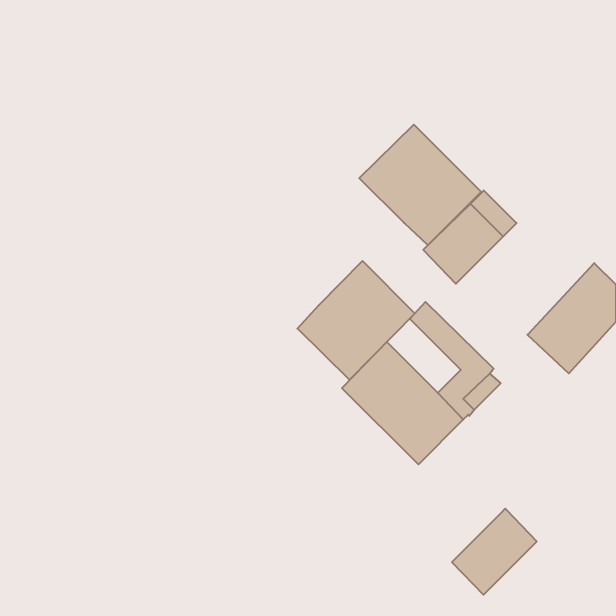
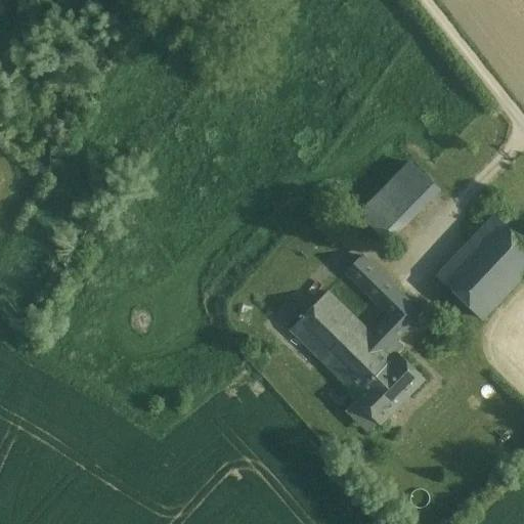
building: [359,125,481,245] -> none
building: [297,261,415,380] -> none
building: [452,509,537,595] -> [350,350,422,423]

